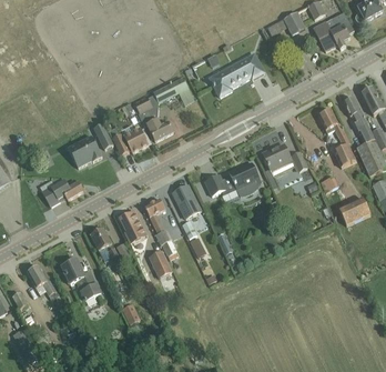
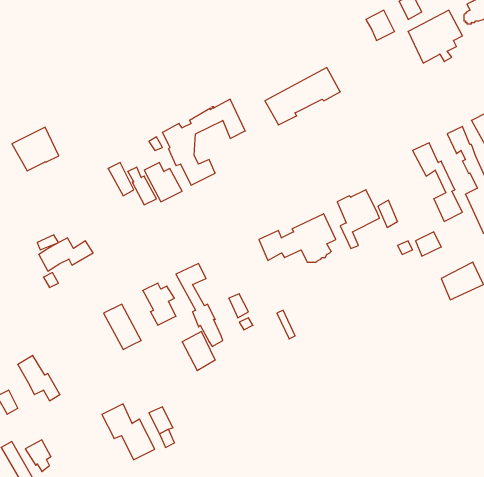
building: [67,134,101,167] -> [12,127,59,171]
building: [172,184,201,218] -> none
building: [61,259,100,300] -> [102,404,155,460]

